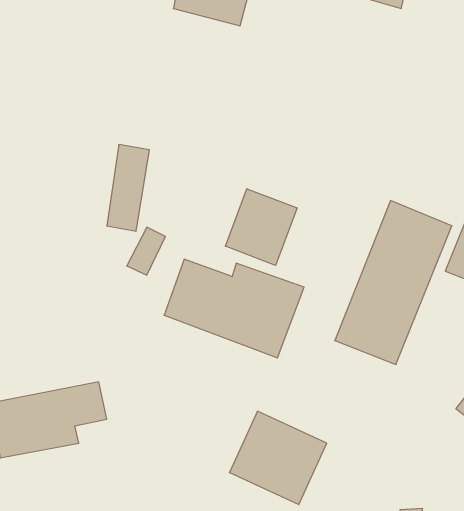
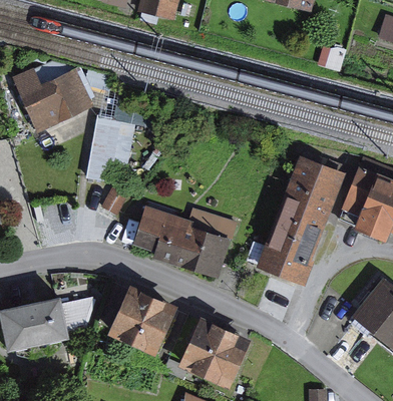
building: none -> [17,71,89,128]
building: [225,189,297,265] -> none
building: none -> [104,285,173,356]

